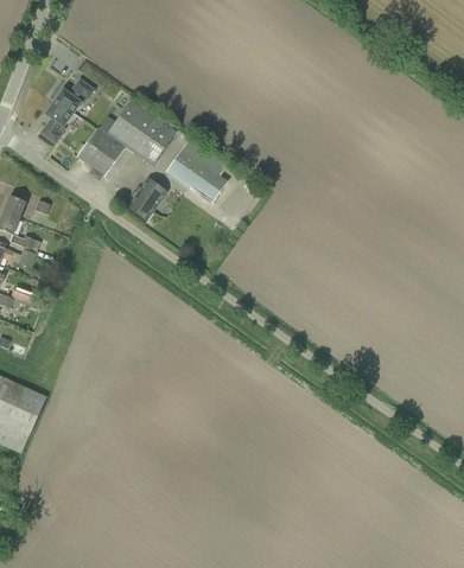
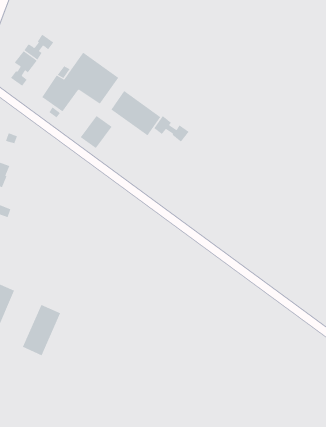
building: none -> [153,115,189,143]
building: none -> [22,304,61,356]

